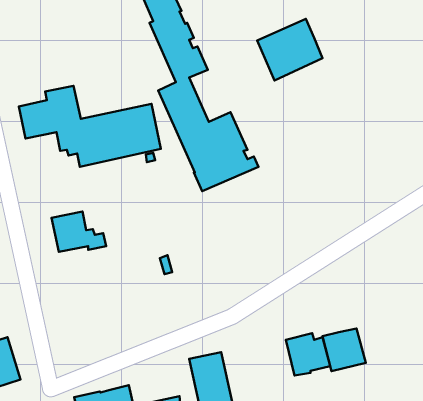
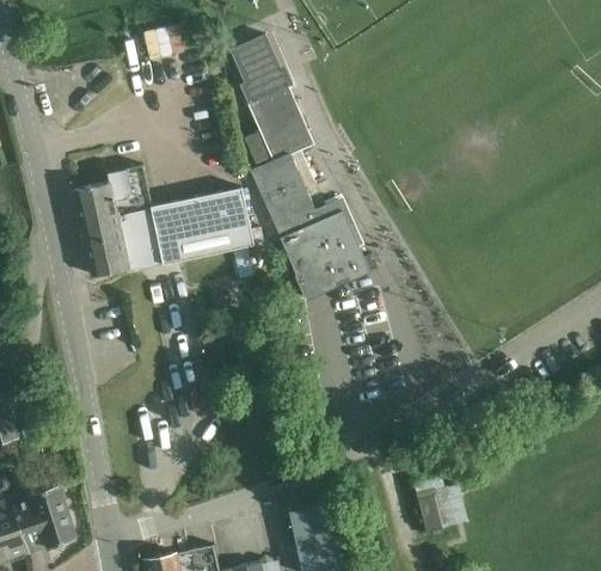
building: [257,19,322,81] -> none
building: [51,211,106,252] -> [81,222,151,274]
building: [323,328,366,371] -> none

